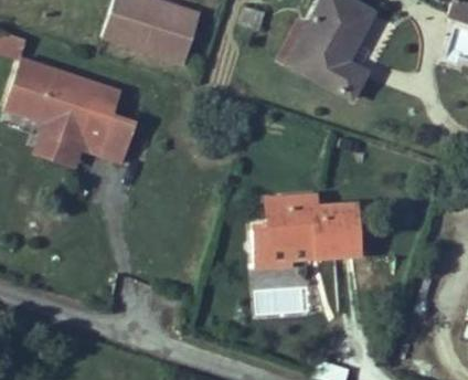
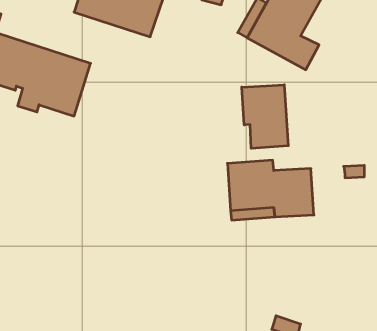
building: none -> [242,85,288,148]
building: [38,116,136,166] -> none

